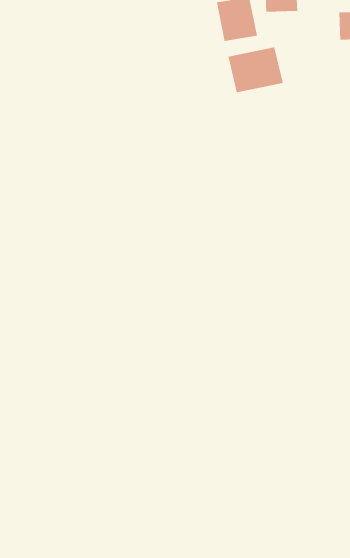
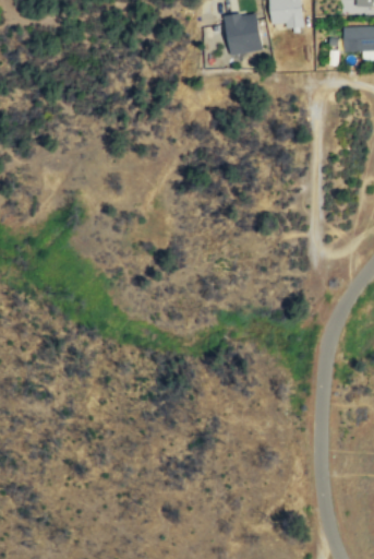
building: [228,47,283,93] -> none

